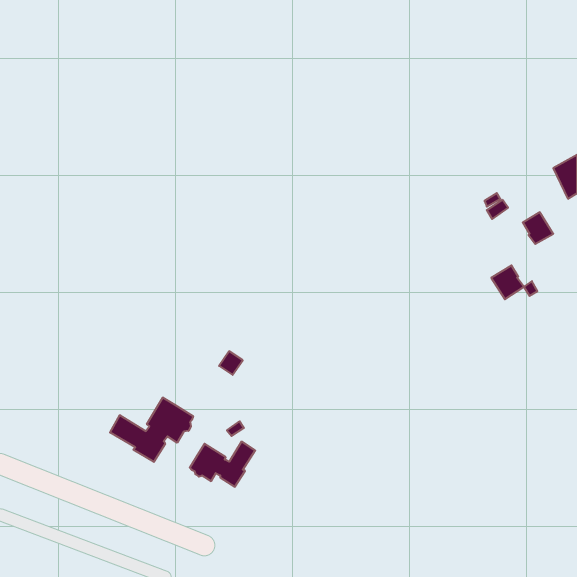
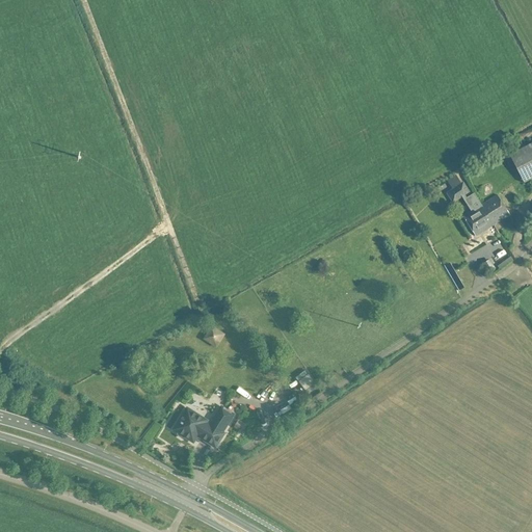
building: [491,265,524,299] -> [462,205,493,236]
building: [110,397,193,462] -> none

